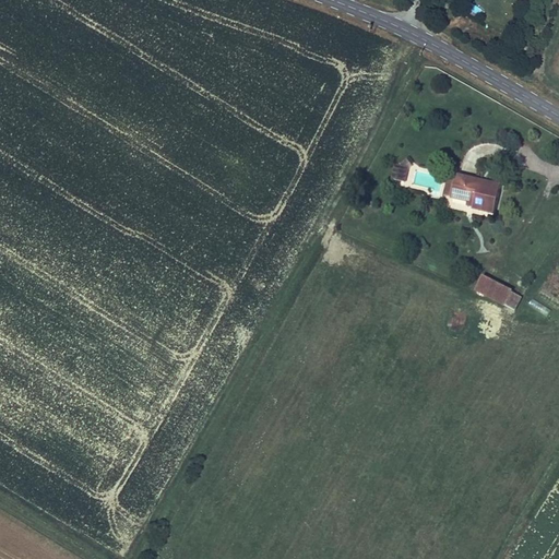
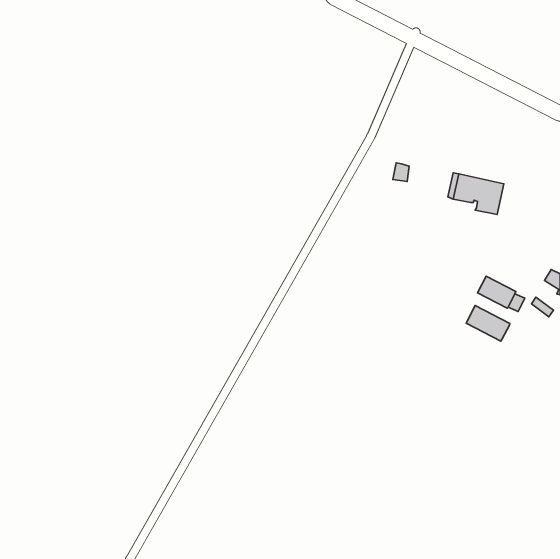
building: none -> [466,306,510,341]

